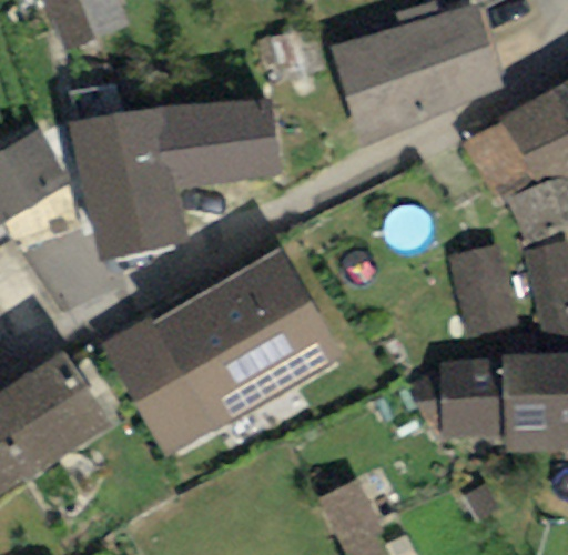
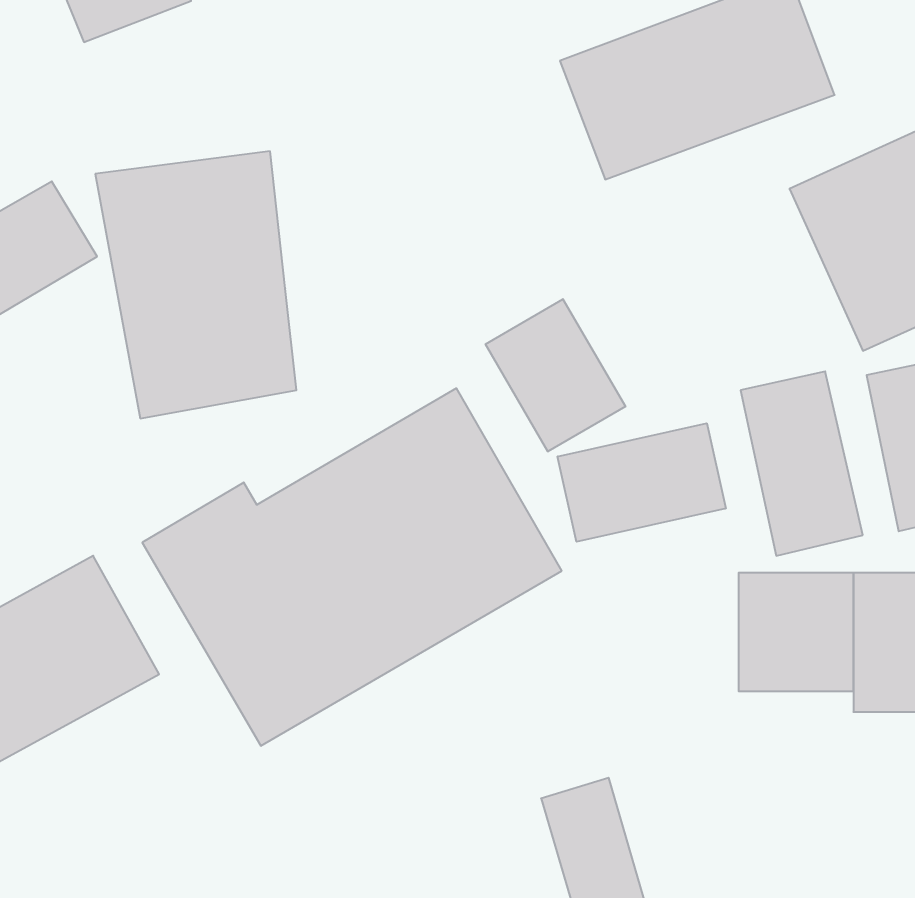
building: [172,95,280,189] -> none
building: none -> [486,299,625,452]
building: none -> [558,423,726,542]

